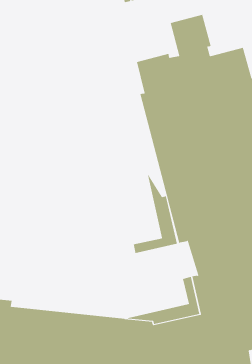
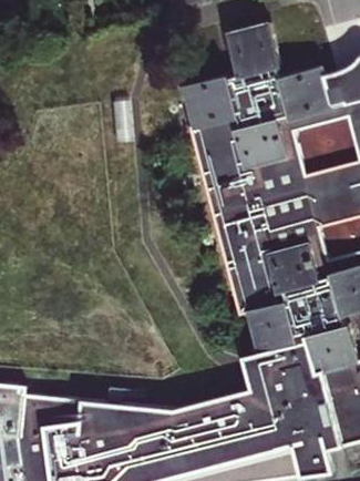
building: [133,172,177,254] -> none

